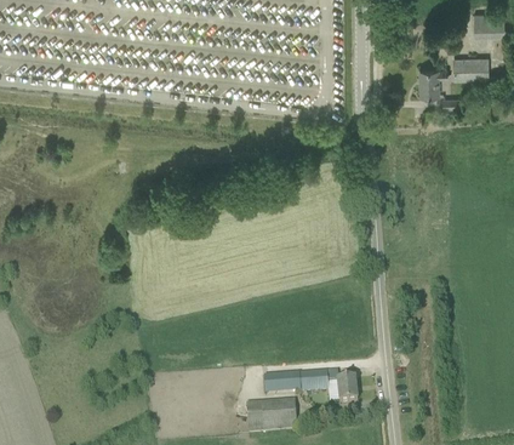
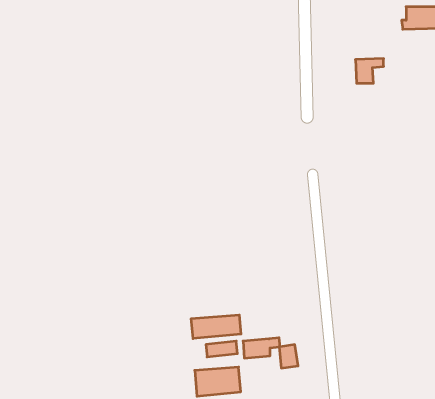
building: [453,56,489,79] -> none
building: none -> [191,315,241,339]

